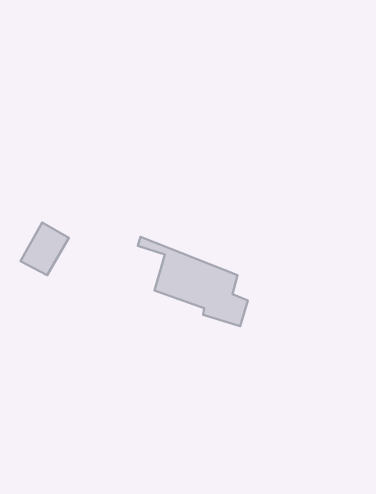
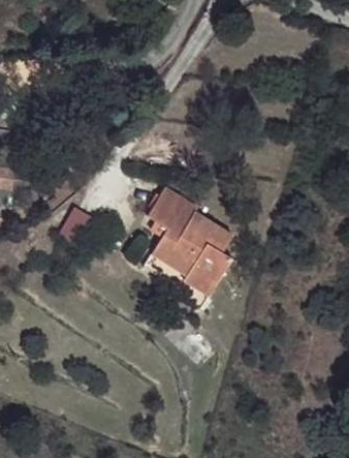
building: none -> [149,188,234,244]

